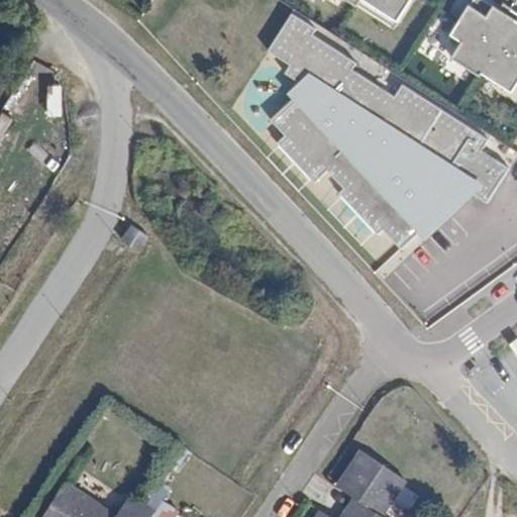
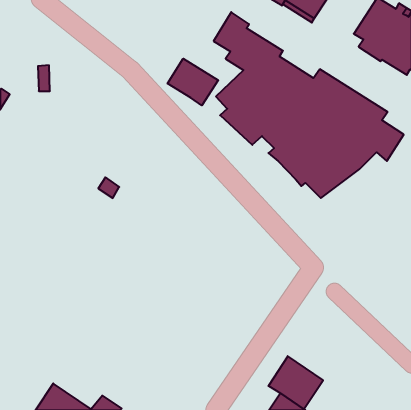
building: none -> [168,59,218,105]

